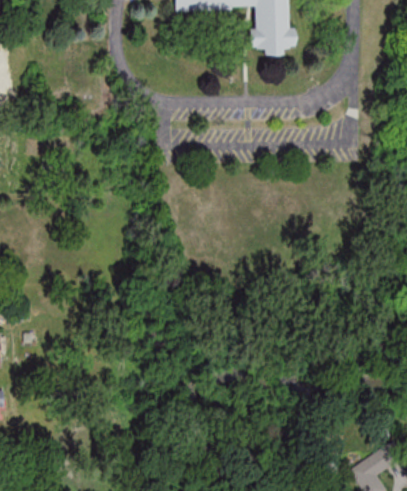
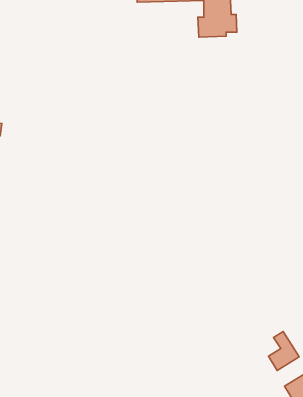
building: none -> [269,331,299,370]

